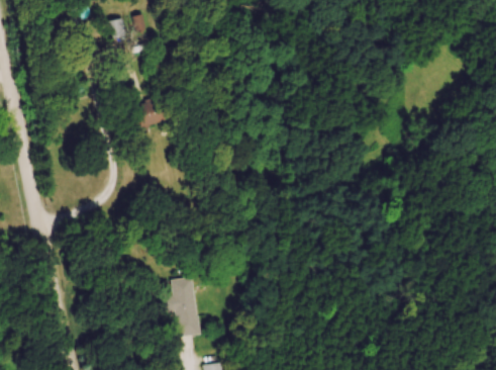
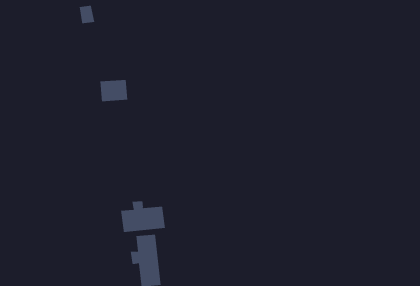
building: none -> [121,201,165,233]

